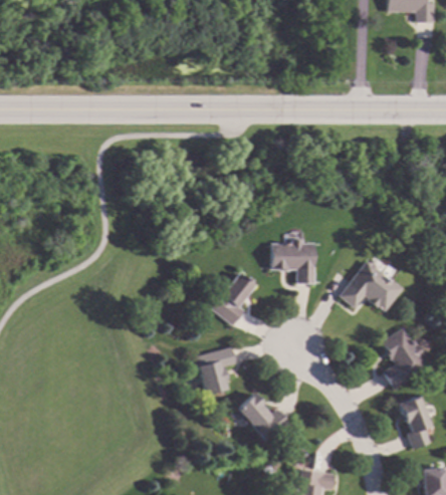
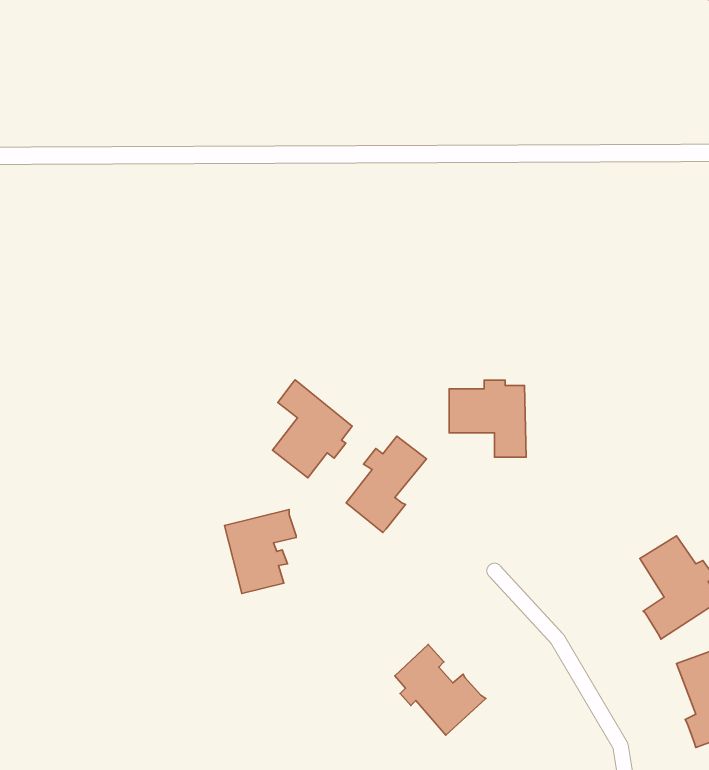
building: none -> [272,380,352,478]
building: [338,261,401,312] -> none
building: [196,347,237,396] -> [224,510,296,594]

